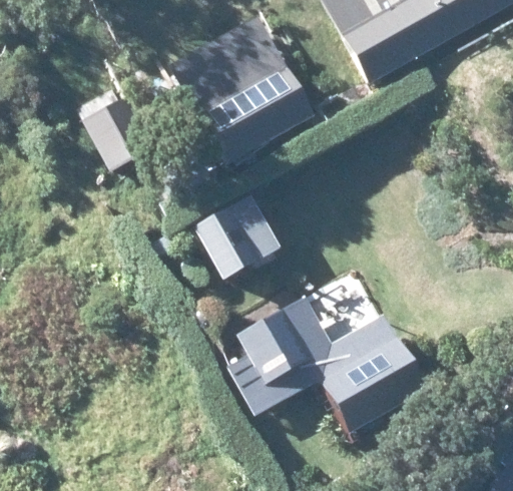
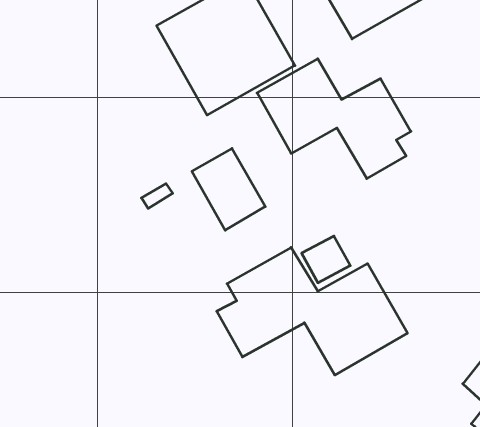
building: none -> [257,59,411,179]

